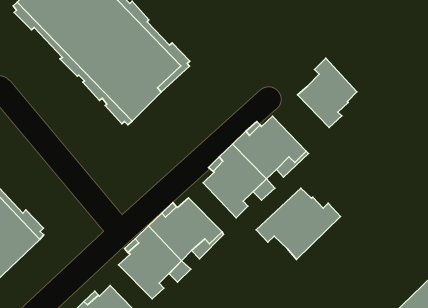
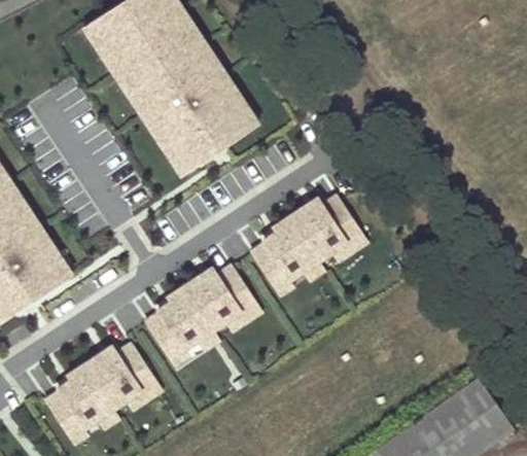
building: [297,58,357,128] -> none
building: [256,188,341,259] -> none

